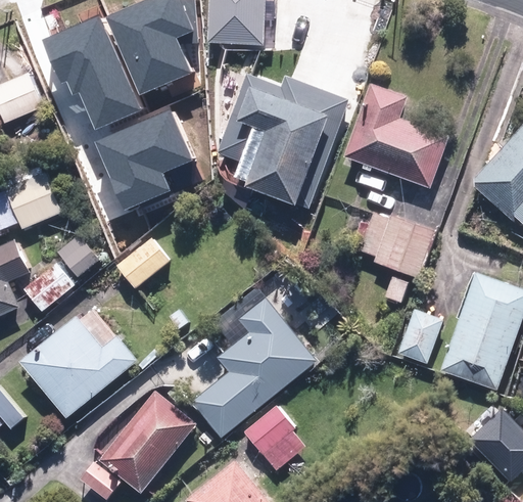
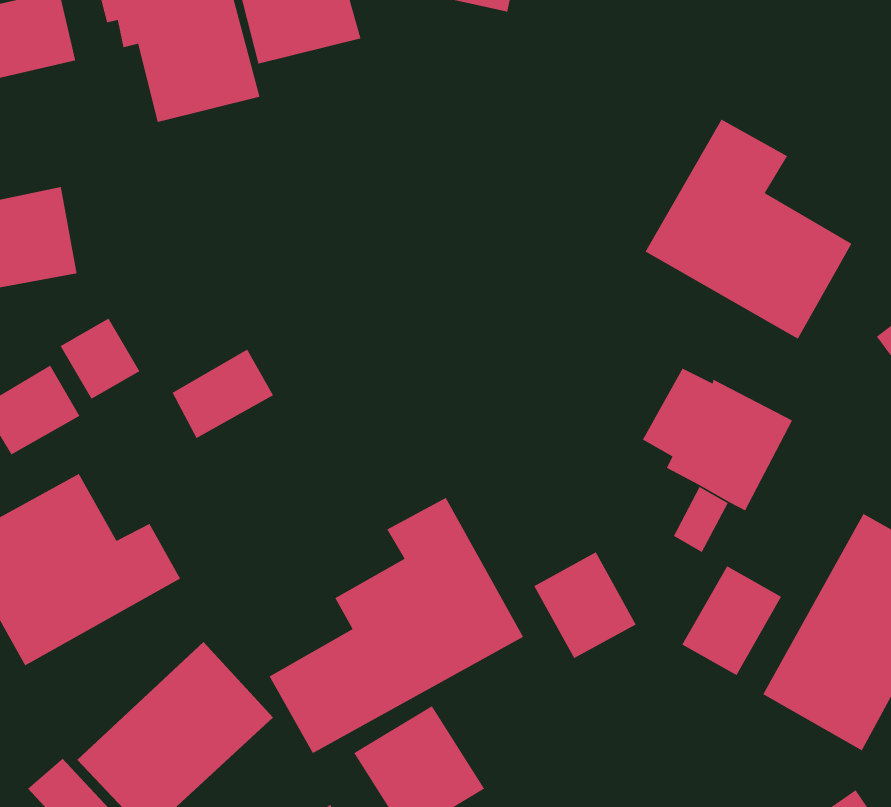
building: [213,75,343,210] -> none
building: [91,109,192,212] -> none
building: none -> [533,551,637,659]

